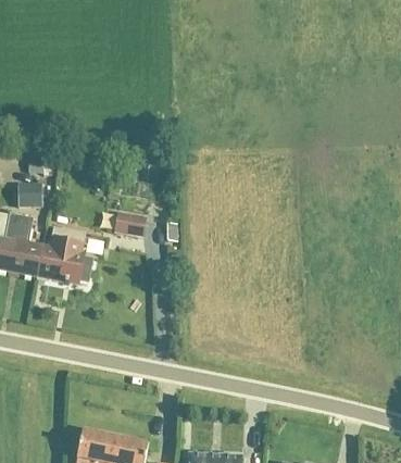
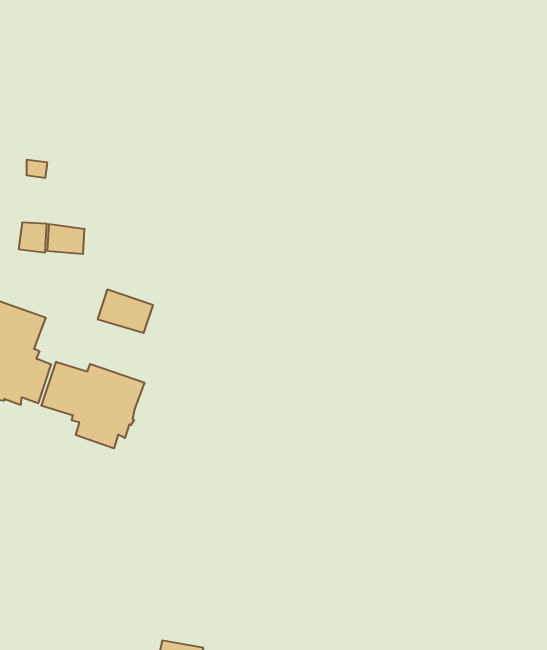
building: none -> [41,362,145,448]

